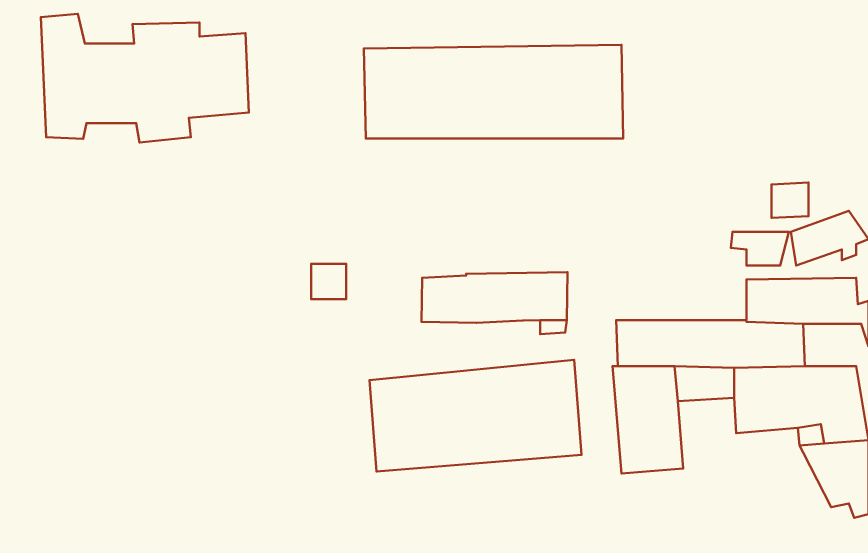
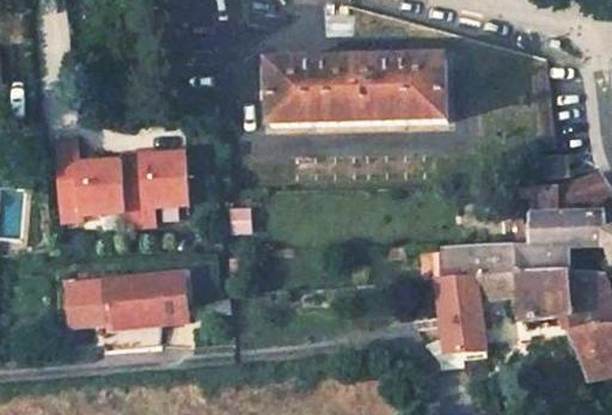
building: [41,14,249,142] -> [61,136,202,224]
building: [422,272,568,323] -> none
building: none -> [61,270,186,325]
building: [370,360,582,471] -> none

